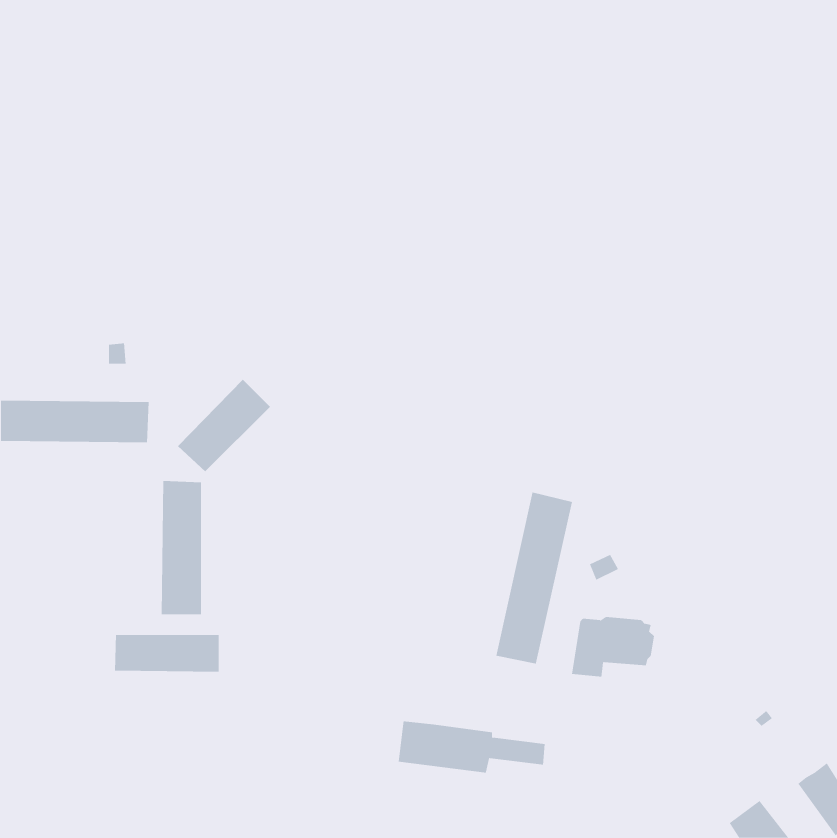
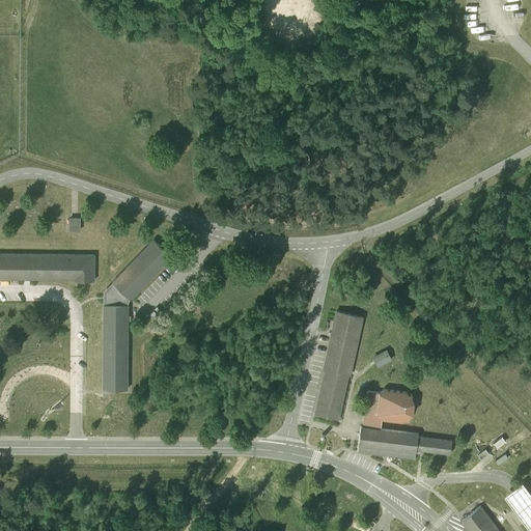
building: none -> [104,282,131,305]
building: [114,634,219,673] -> none
building: [398,721,546,773] -> [359,426,452,459]

